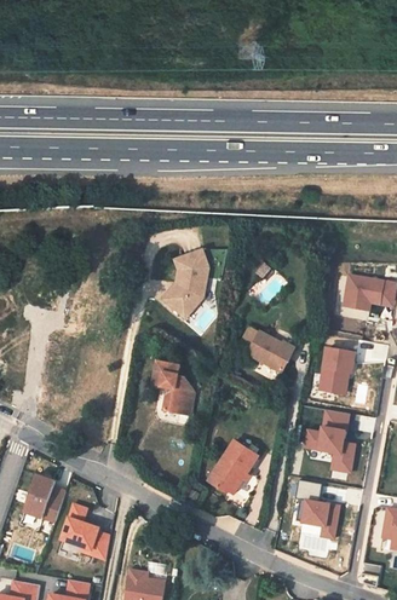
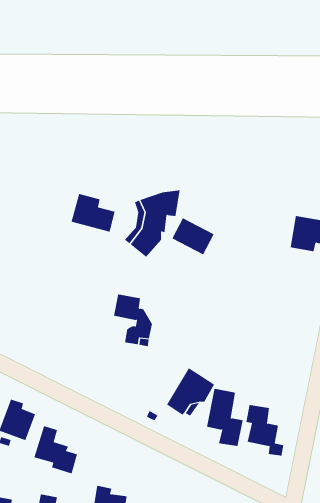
building: none -> [71,193,115,232]
building: [247,331,294,373] -> [171,217,214,255]
building: [317,347,353,396] -> none
building: [316,408,357,472] -> [206,388,244,447]

